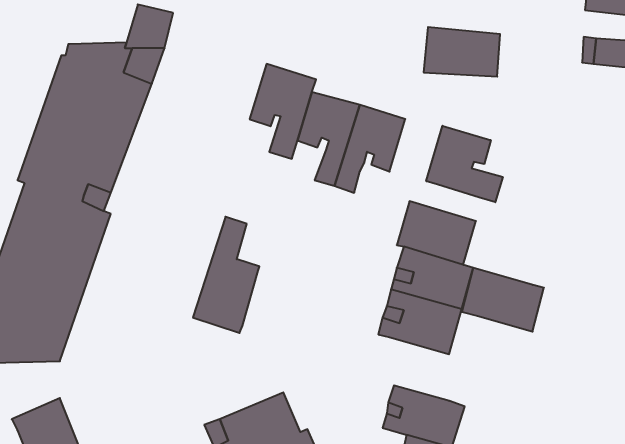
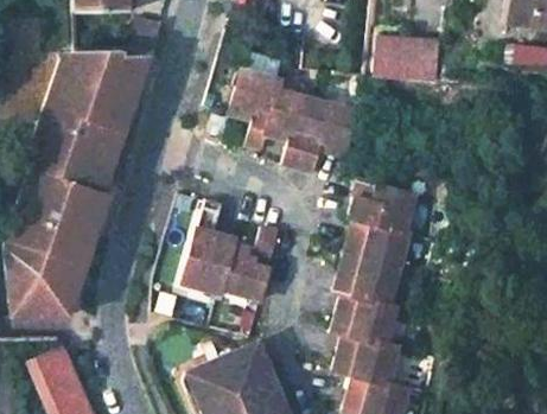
building: [426,126,503,202] -> none
building: none -> [220,223,278,297]
building: [462,268,544,332] -> [333,297,402,350]

